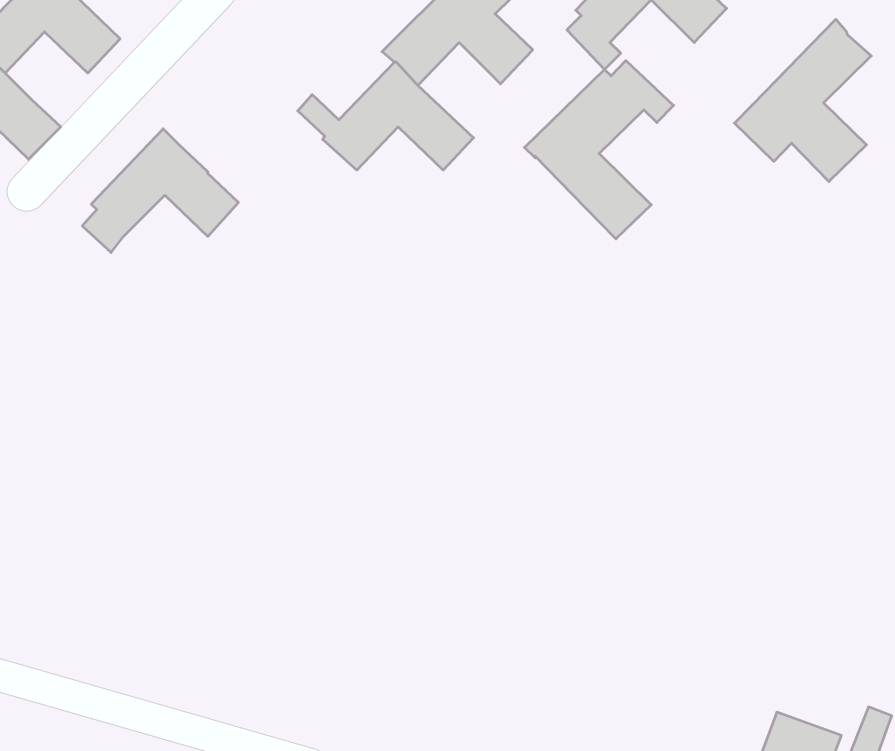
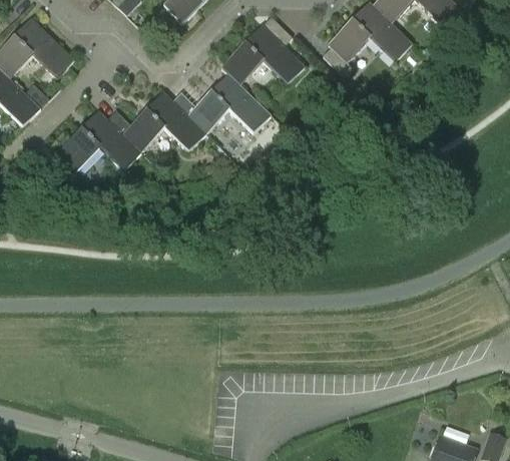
building: [734,19,871,182] -> none
building: [524,61,674,239] -> none
building: none -> [106,92,205,152]

